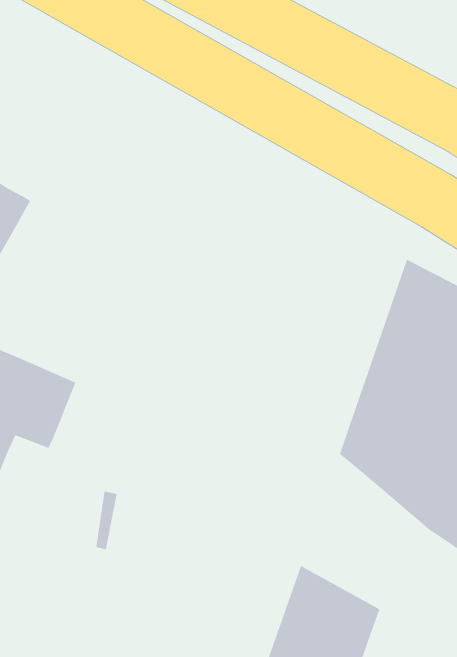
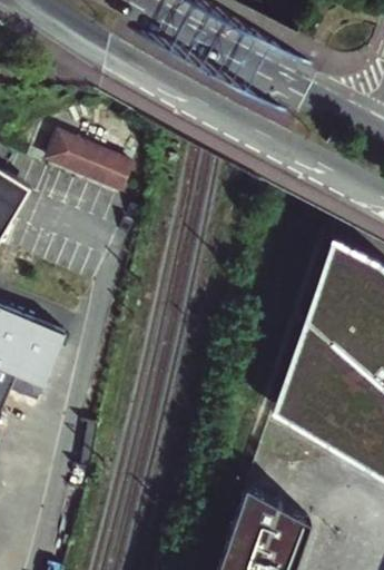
building: none -> [46,132,138,193]

